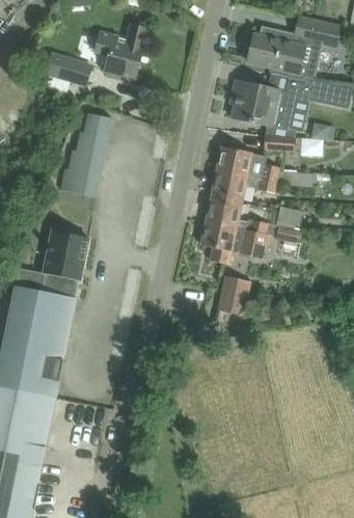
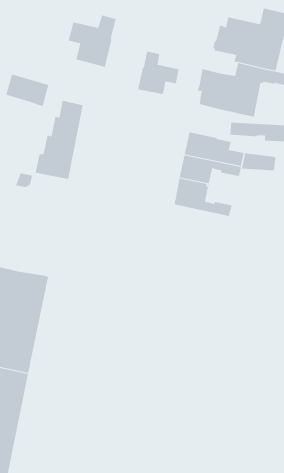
building: [44,52,89,86] -> [6,74,49,107]
building: none -> [138,51,179,95]
building: [200,221,298,264] -> none
building: [43,229,87,296] -> none
building: [215,275,249,324] -> none

